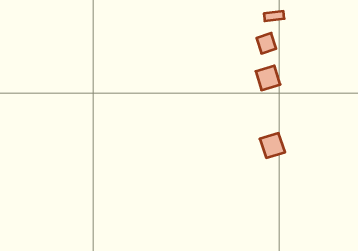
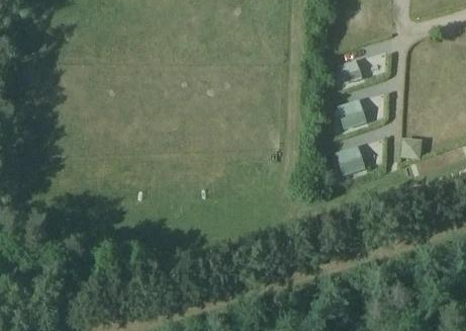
building: [260,133,285,158] -> [335,146,366,176]

